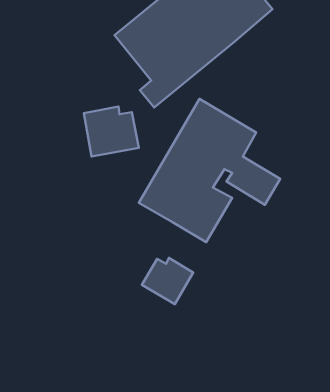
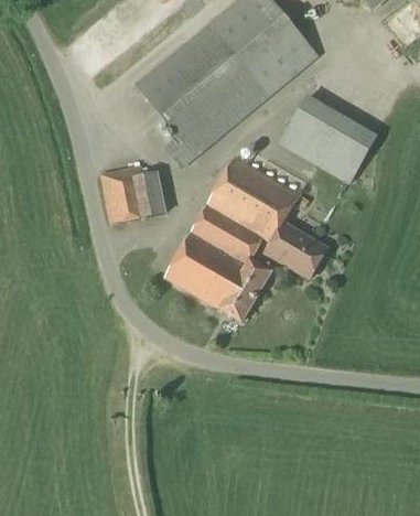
building: none -> [280,95,376,181]
building: [142,258,193,304] -> none

